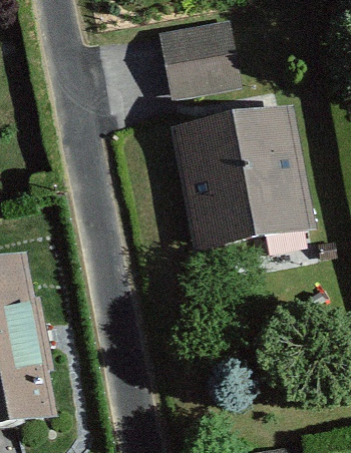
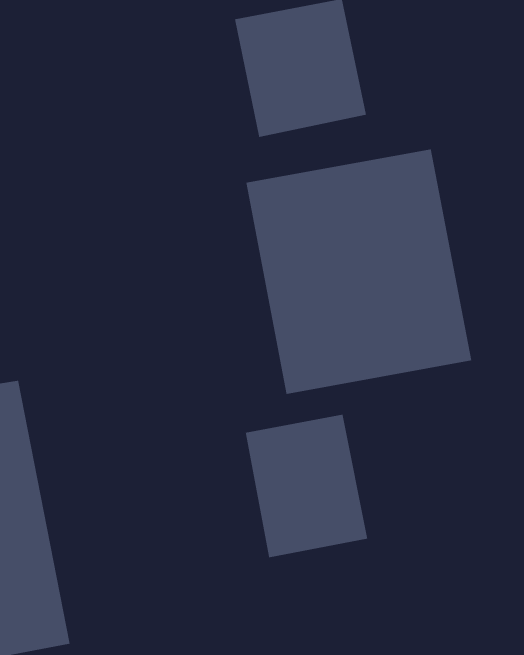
building: none -> [245,414,368,558]

